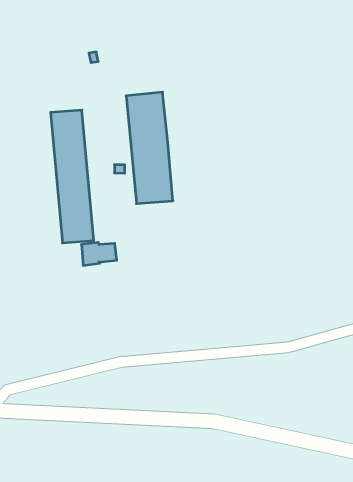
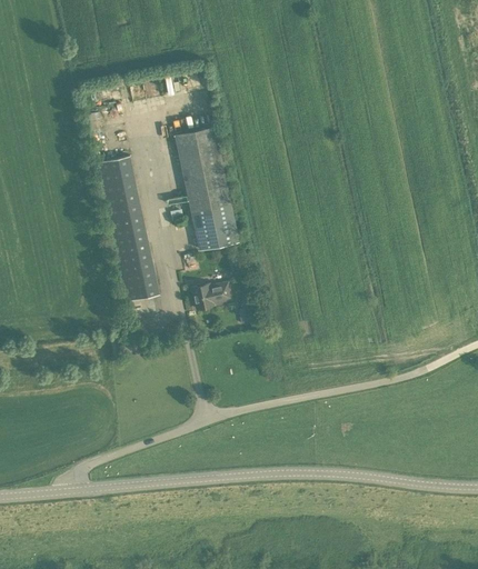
building: [81,242,117,265] -> [192,282,232,310]

